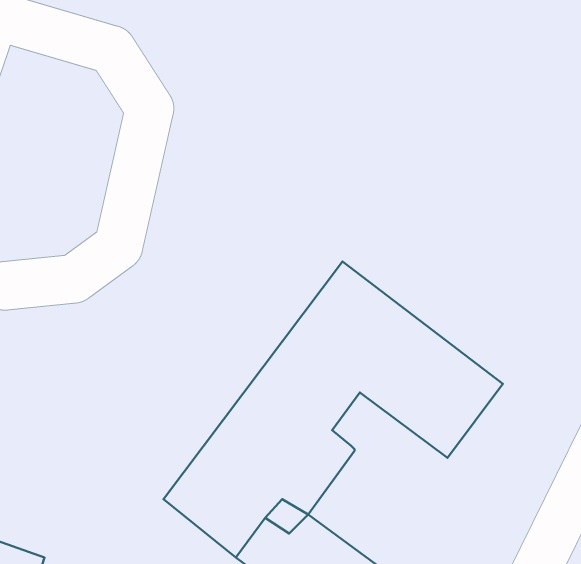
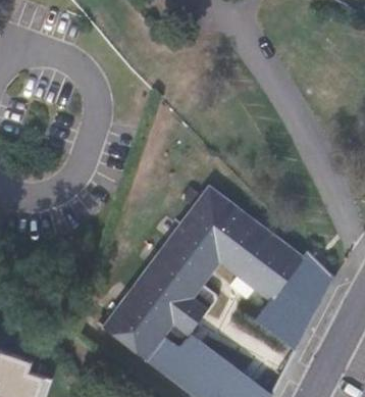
building: none -> [257,253,331,348]

